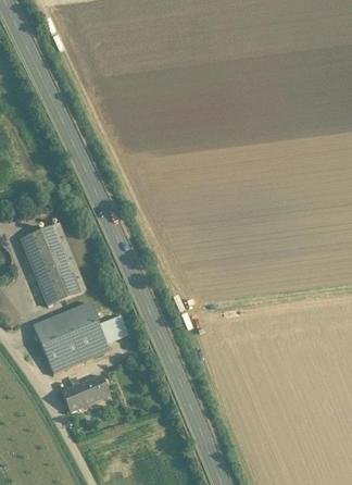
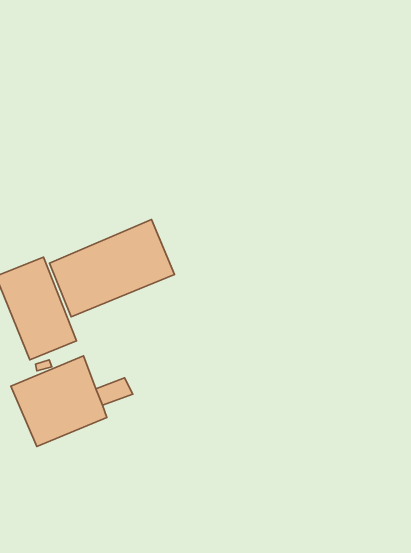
building: none -> [49,220,175,317]
building: [60,373,109,411] -> none

